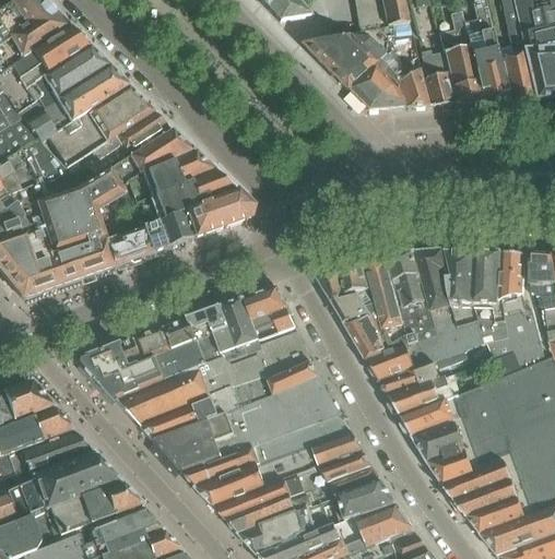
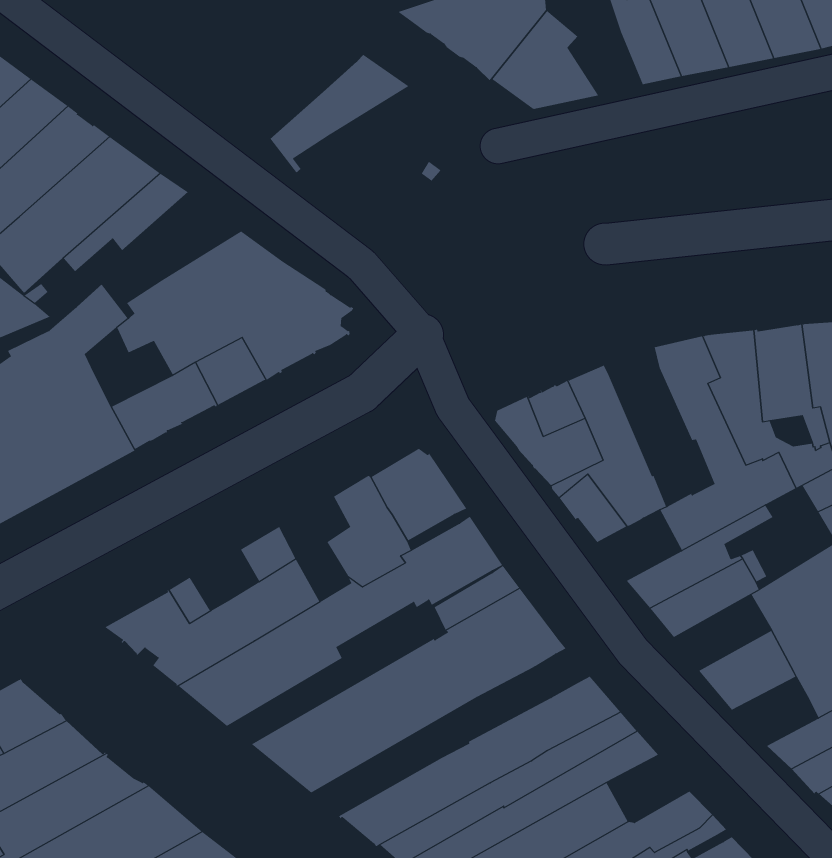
building: [394,67,428,106] -> none
building: [111,129,194,190] -> [270,54,409,174]
building: [388,252,438,343] -> none
building: [190,308,229,366] -> none
building: [135,329,174,361] -> none
building: [367,344,414,381] -> none
building: [143,374,268,440] -> none
building: [402,400,458,438] -> none
building: [185,414,352,488] -> none
building: [428,450,476,486] -> none
building: [352,481,398,518] -> none

